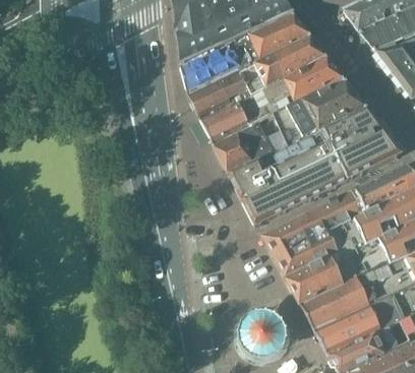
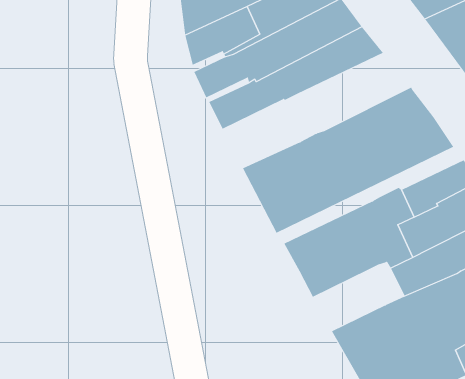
building: [272,77,364,142] -> none
building: [212,120,274,171] -> none
building: [284,247,358,303] -> none

